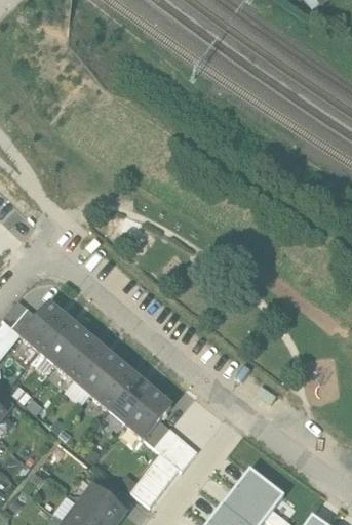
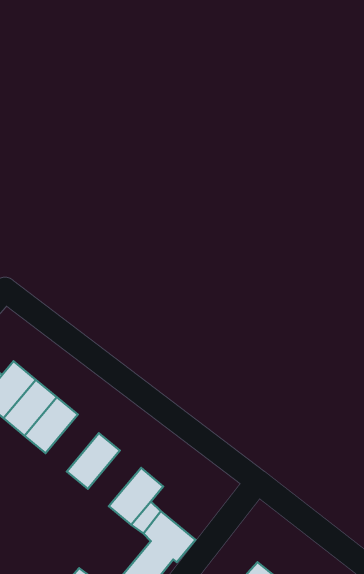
building: [74,348,118,395] -> none
building: [109,377,153,423] -> none

